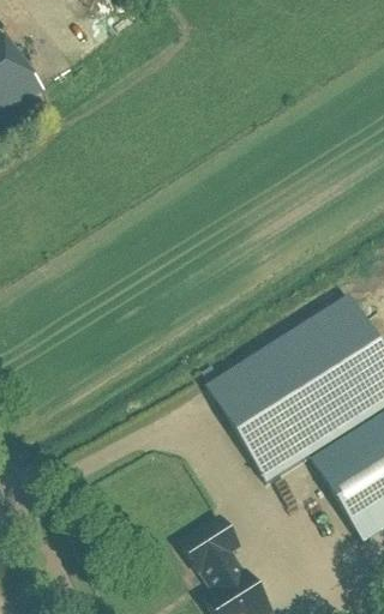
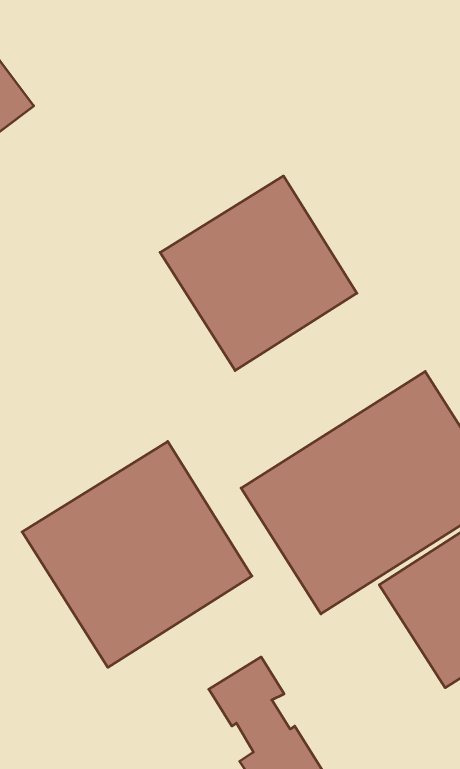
building: none -> [160,176,357,371]
building: none -> [22,441,252,667]

